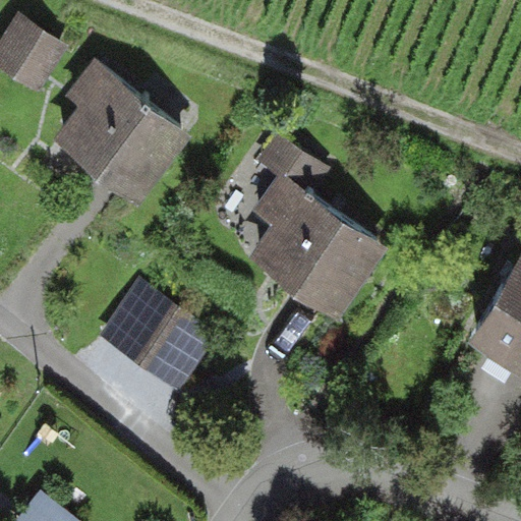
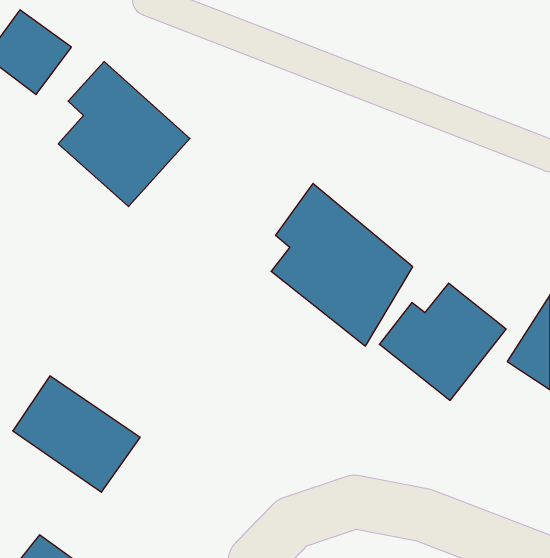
building: none -> [379,283,506,400]
building: [97,281,215,389] -> [13,376,140,492]

